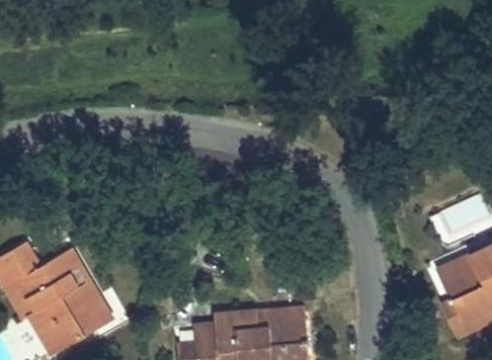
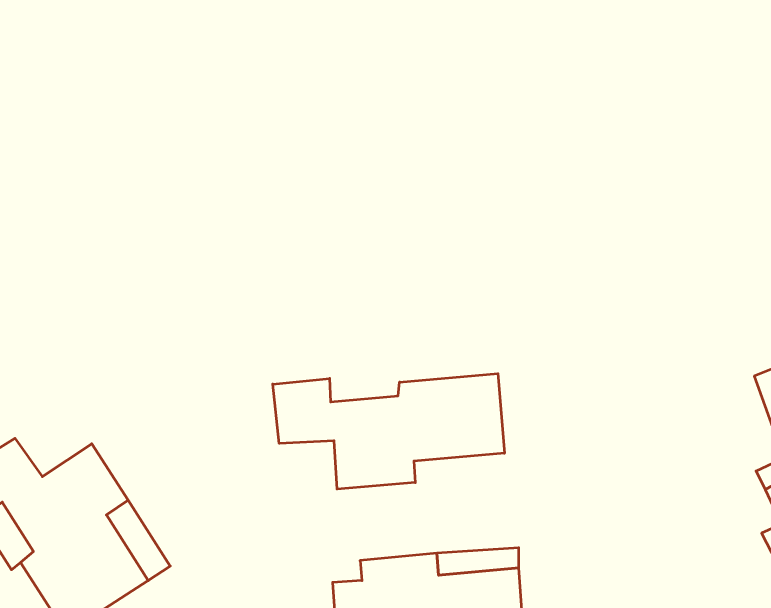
building: none -> [273,374,504,489]

